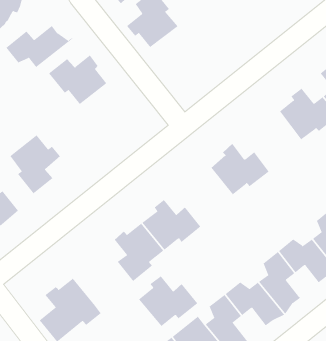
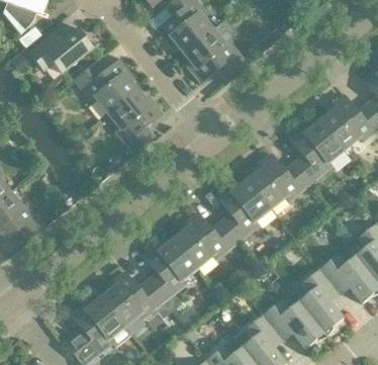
building: none -> [183,28,246,82]
building: none -> [290,119,344,183]
building: [9,134,61,194] -> [108,89,163,153]
building: none -> [217,179,271,242]
building: [138,276,198,327] -> [101,271,165,326]

